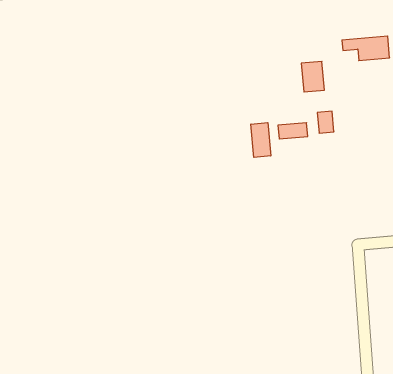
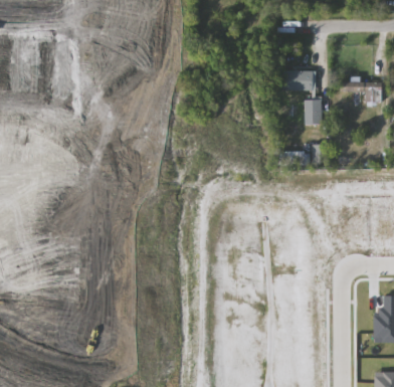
building: none -> [277,71,316,90]
building: [251,123,271,157] -> none

